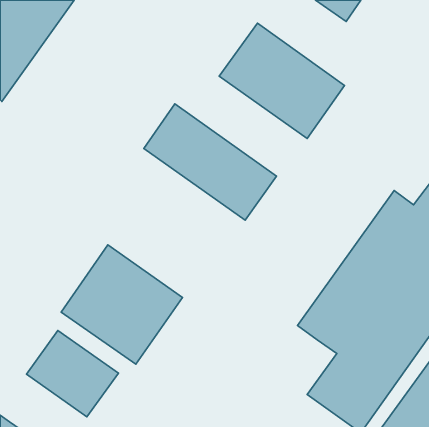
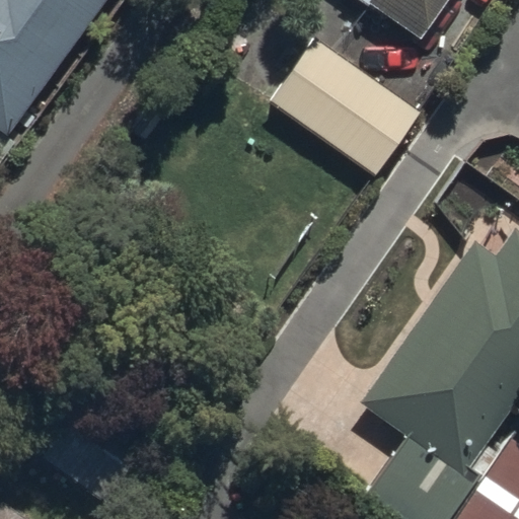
building: [144,104,276,220] -> none
building: [61,245,182,364] -> none

